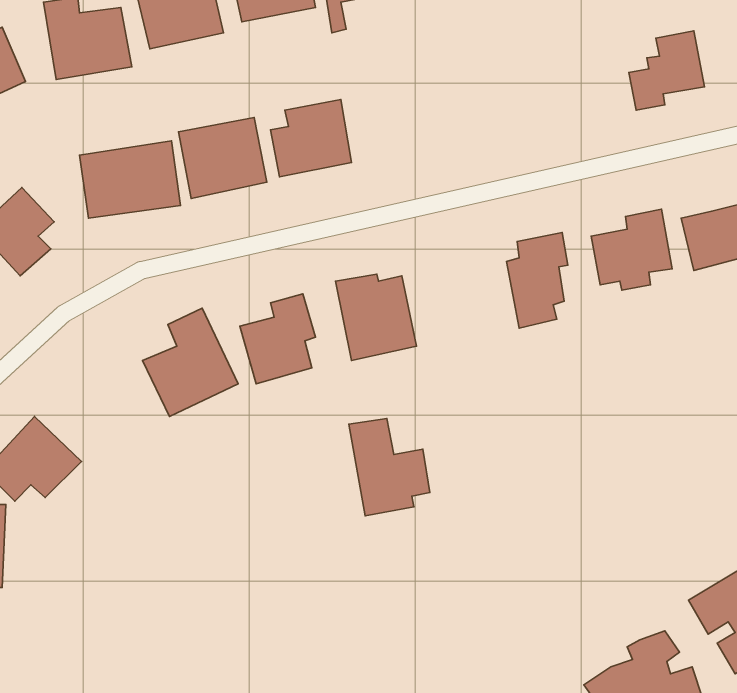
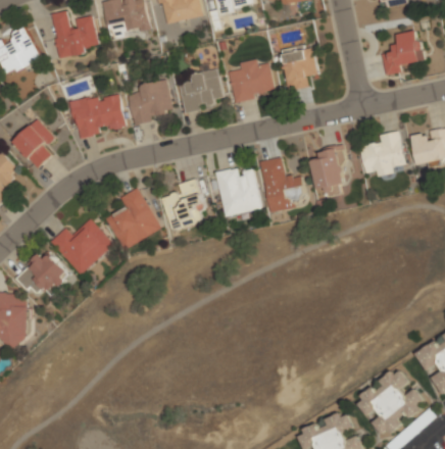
building: none -> [279,44,318,91]
building: none -> [226,59,277,102]
building: none -> [49,217,112,275]
building: [349,419,430,516] -> [259,157,305,212]

